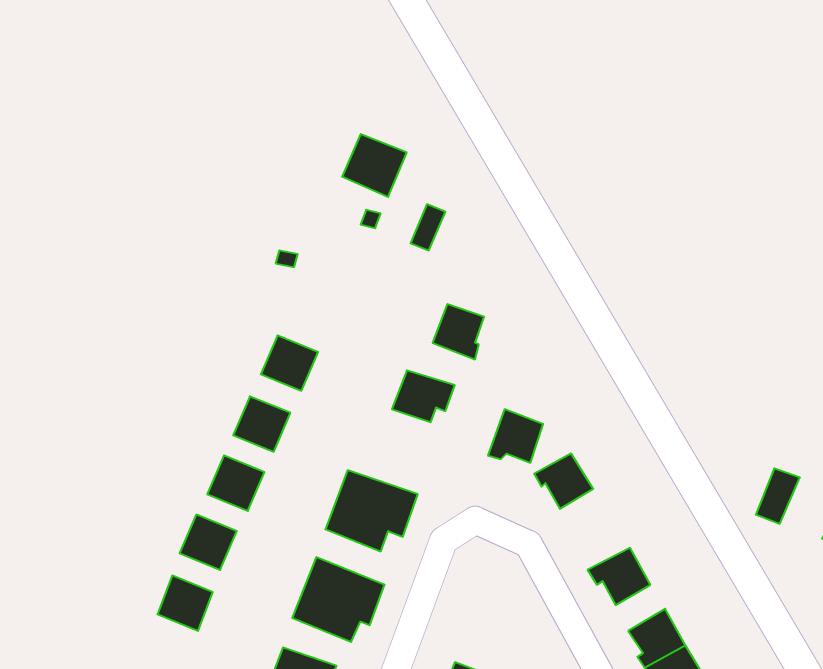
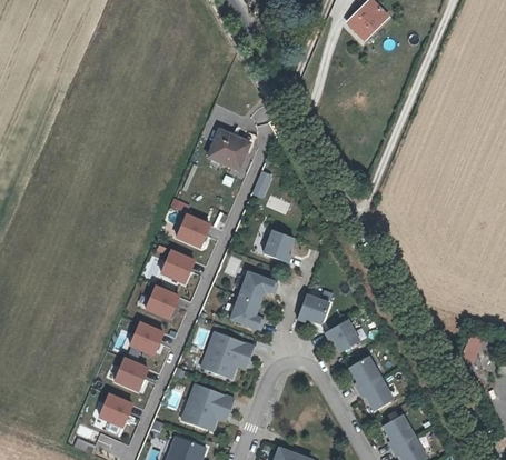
building: none -> [175,211,208,246]
building: none -> [230,294,264,331]
building: none -> [348,357,383,391]

